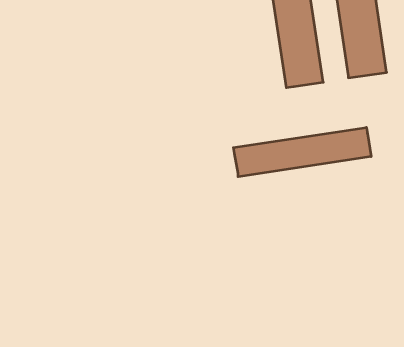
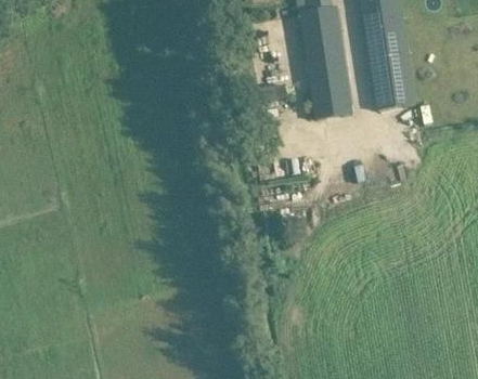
building: [233,127,371,177] -> none

